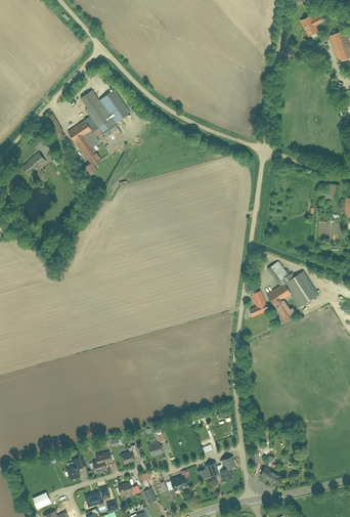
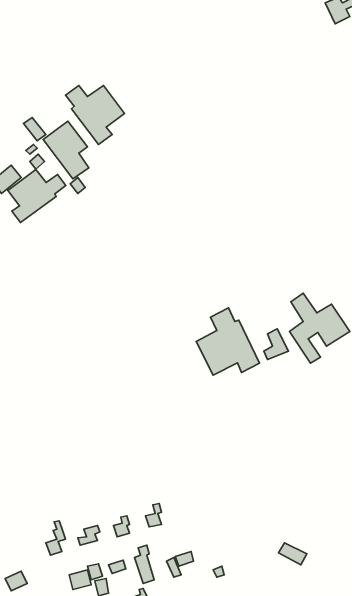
building: none -> [8,170,66,222]
building: none -> [196,308,260,375]
building: [199,457,236,482] -> none

